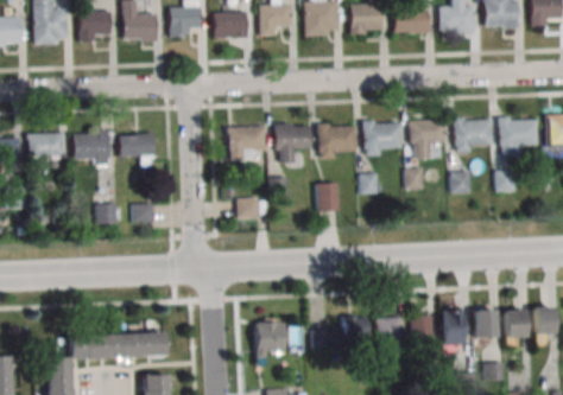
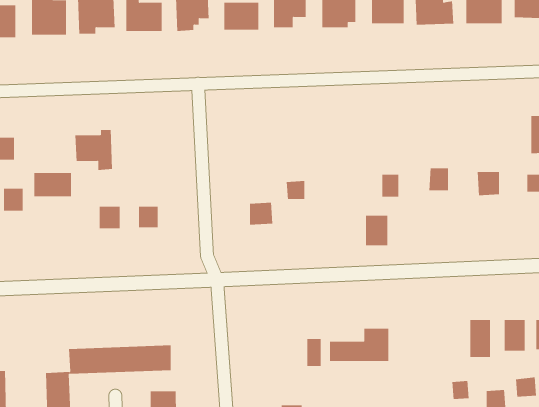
building: [454,117,492,155] -> none
building: [410,120,445,157] -> none
building: [365,122,403,158] -> none
building: [276,123,311,161] -> none
building: [318,123,358,157] -> none
building: [229,126,266,159] -> none
building: [29,133,64,155] -> [34,172,72,197]
building: [120,133,156,166] -> none
building: [317,183,339,211] -> [365,215,388,246]
building: [412,314,432,349] -> none
building: [378,318,403,350] -> none
building: [257,320,286,356] -> none

